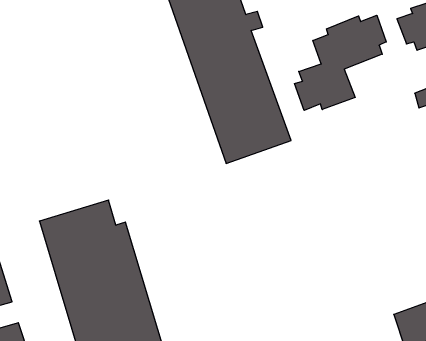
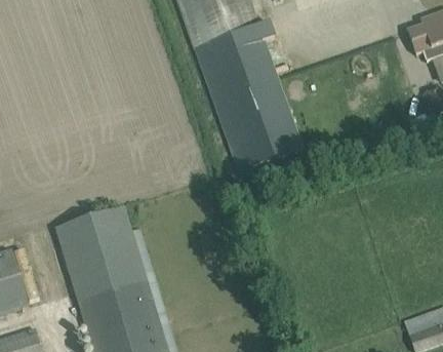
building: [295,15,386,110] -> none

